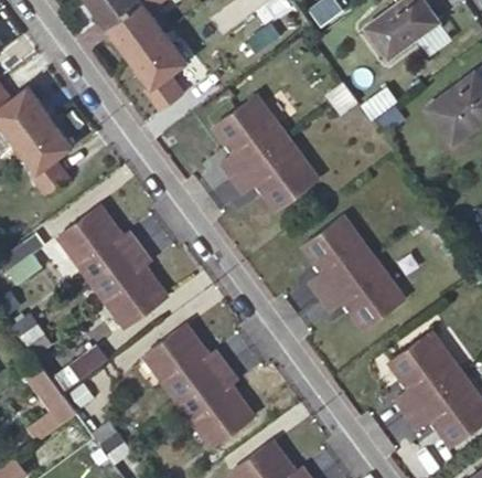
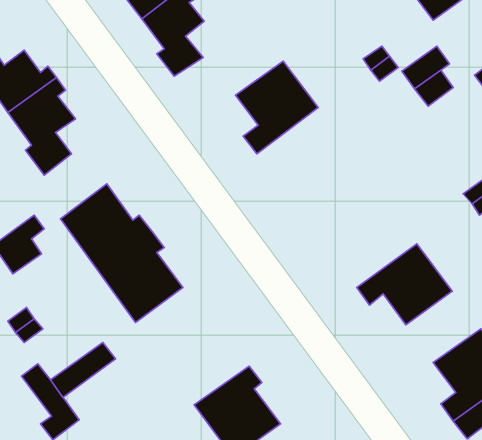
building: [233,138,318,211] -> none
building: [302,215,374,297] -> none
building: [144,325,226,401] -> none

